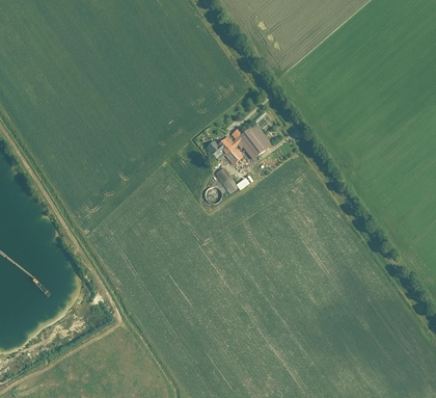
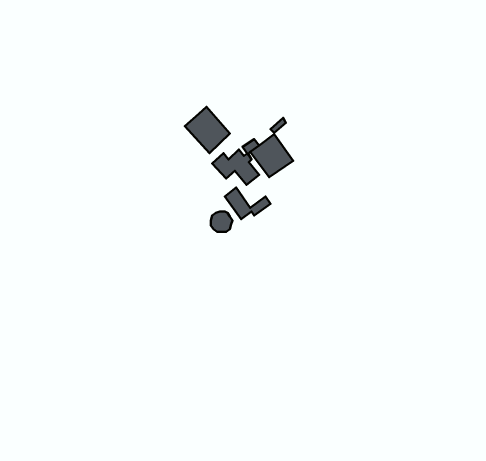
building: none -> [185,107,230,153]

